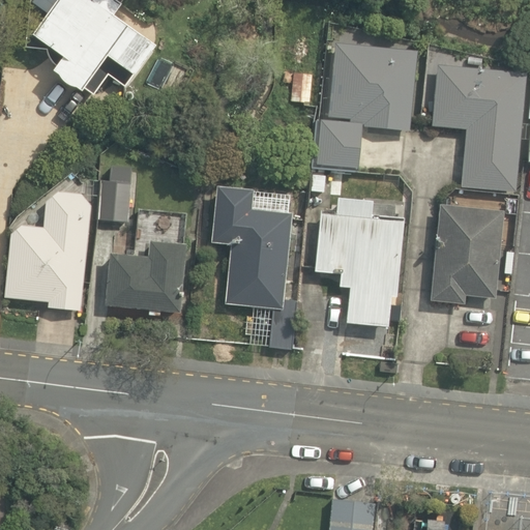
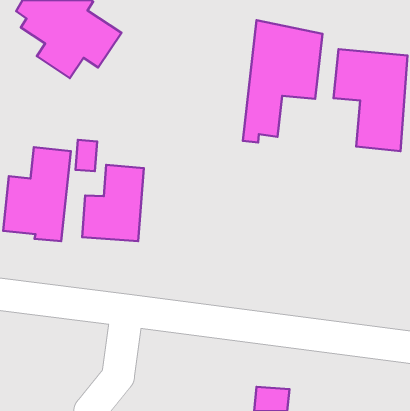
building: [209,184,291,307] -> none
building: [314,195,403,327] -> none
building: [435,206,501,308] -> none

